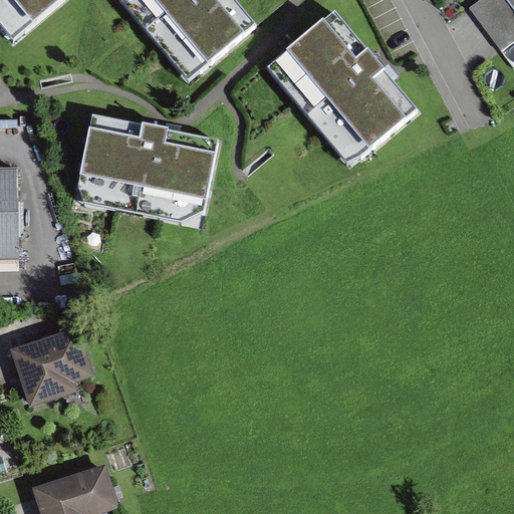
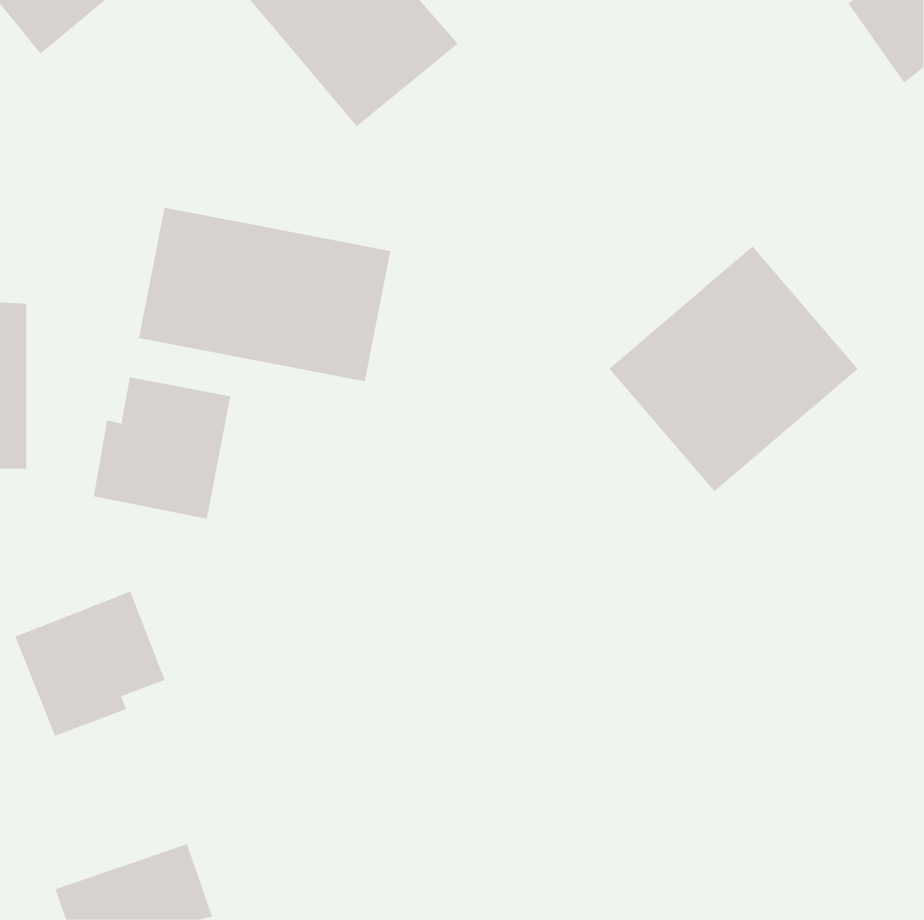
building: [277,11,416,155] -> none
building: none -> [609,246,858,492]
building: none -> [93,377,231,519]

